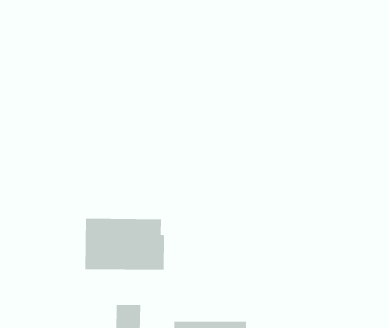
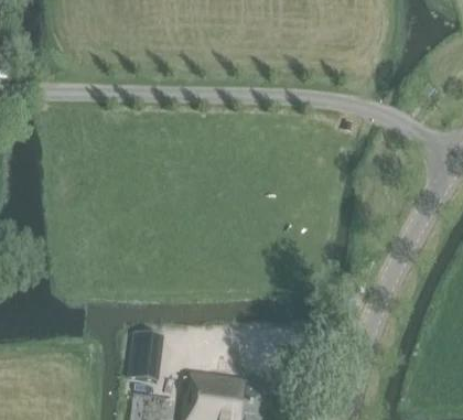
building: [85,218,165,270] -> none

